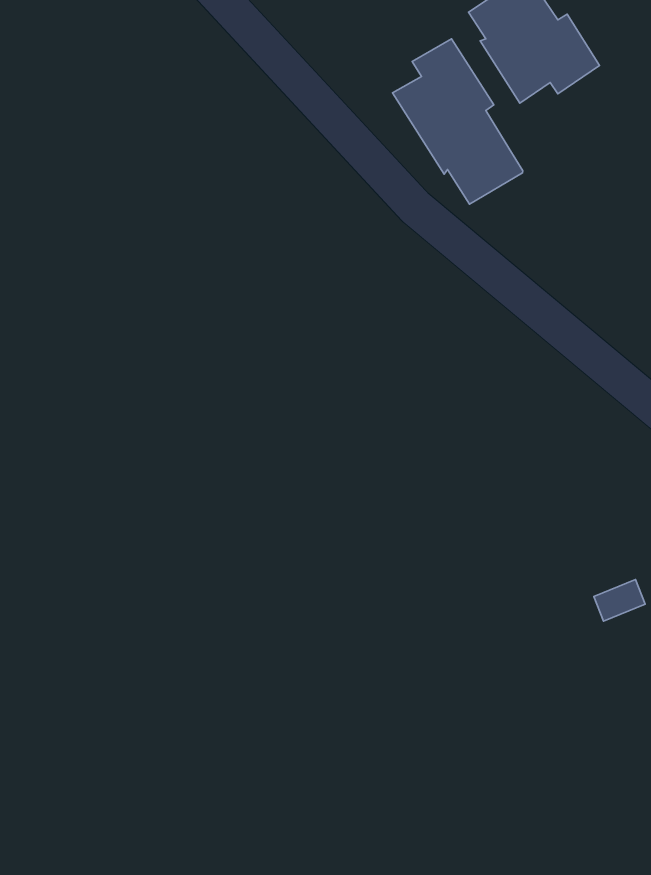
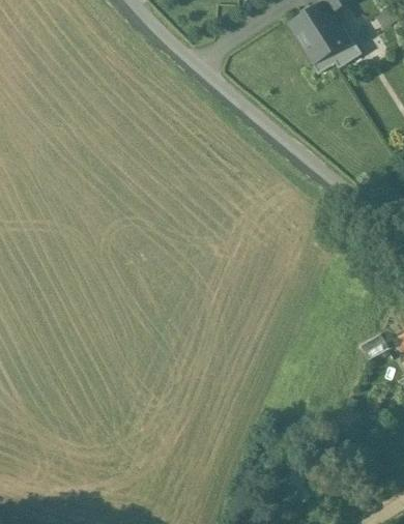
building: [392,39,523,204] -> none

